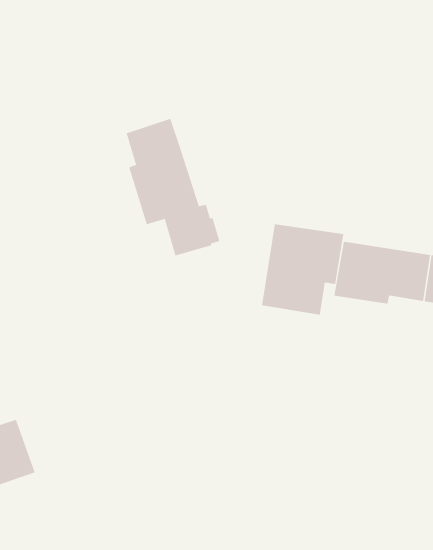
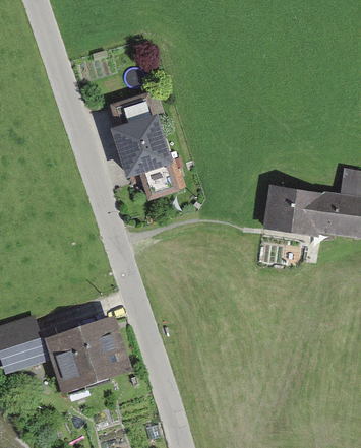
building: [262,224,344,315] -> none
building: none -> [47,320,123,393]

